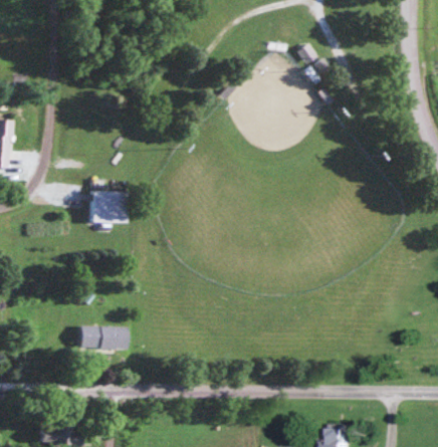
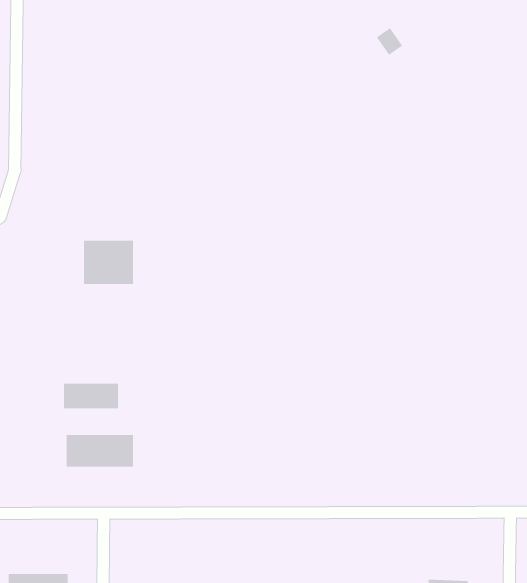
building: none -> [63,383,119,409]

